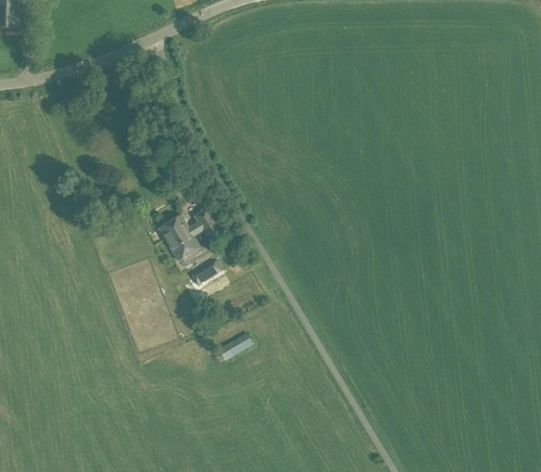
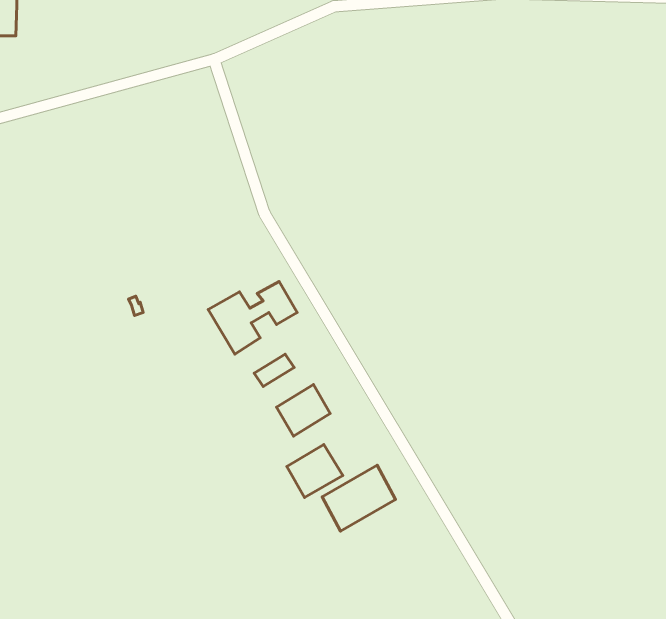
building: none -> [277,384,330,436]
building: none -> [322,465,396,531]

